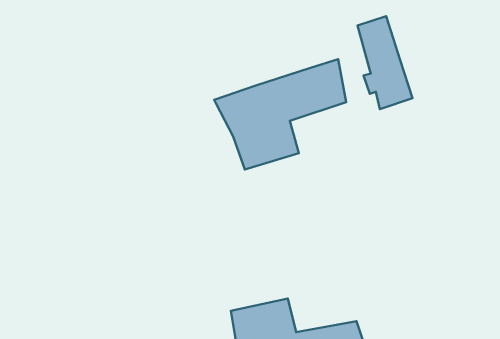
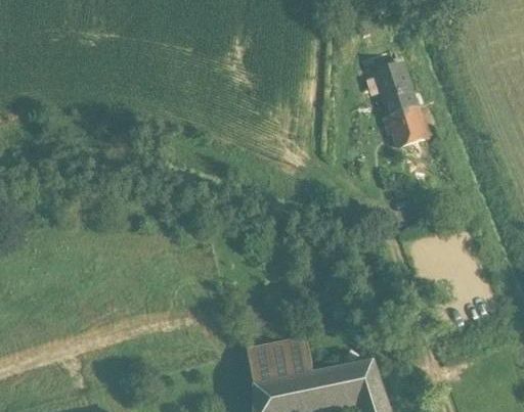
building: [214,59,346,170] -> none

